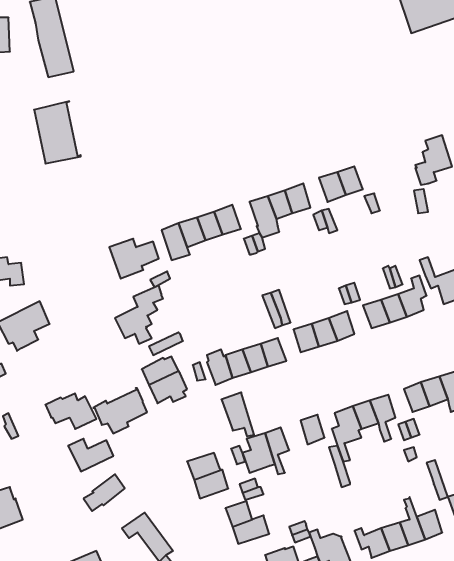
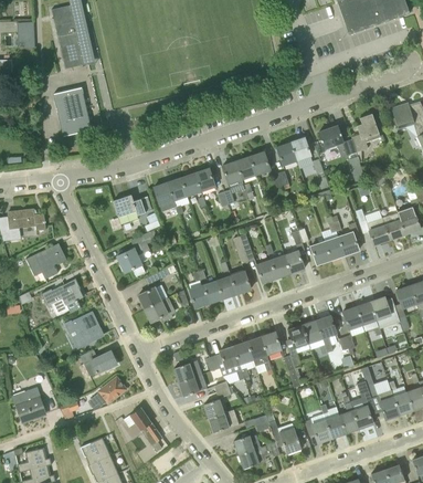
building: none -> [318,126,356,158]
building: [93,388,147,433] -> [41,279,83,314]
building: [221,392,254,436] -> [246,336,272,370]

